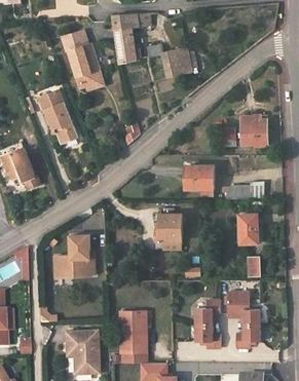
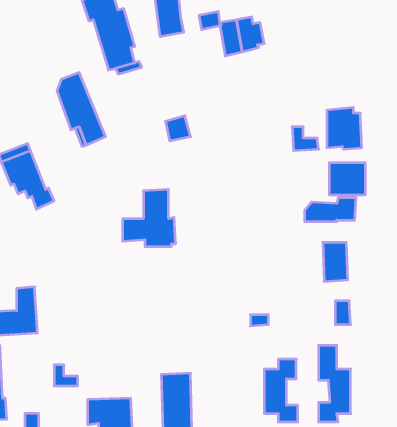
building: [187,165,214,189] -> [329,163,365,195]
building: [154,214,182,240] -> none
building: [55,235,95,277] -> [123,190,176,247]

